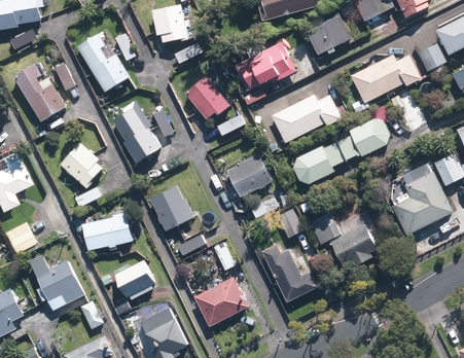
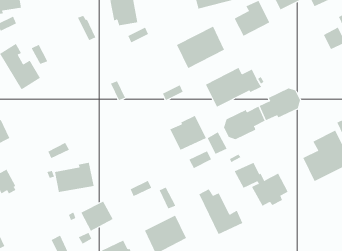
building: [78,34,132,92] -> none
building: [351,53,422,103] -> none
building: [186,75,231,118] -> none
building: [114,108,162,163] -> none
building: [61,142,104,187] -> none
building: [150,185,195,231] -> none
building: [278,208,304,237] -> [207,132,227,155]
building: [28,256,83,311] -> none

